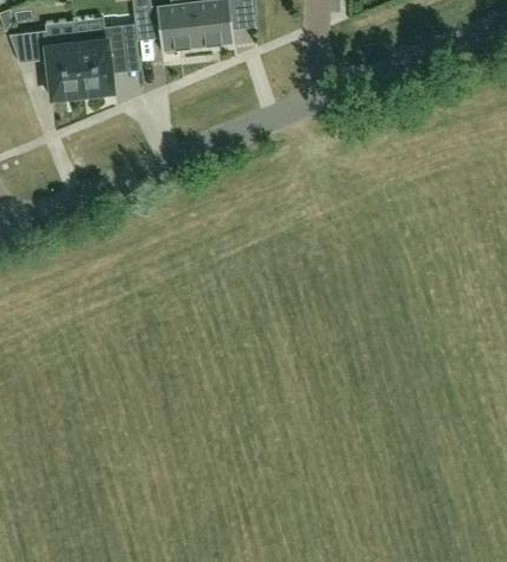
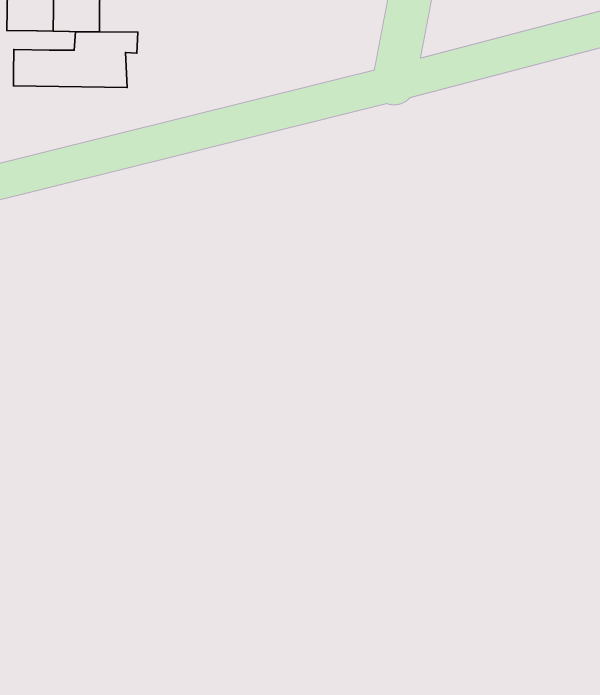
building: none -> [14,32,138,87]

